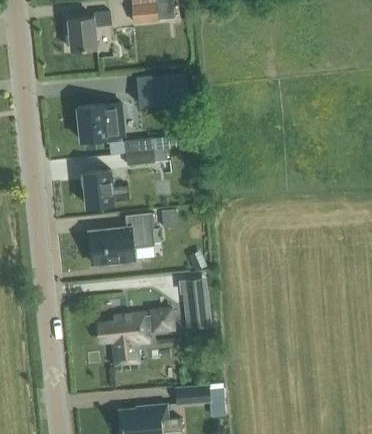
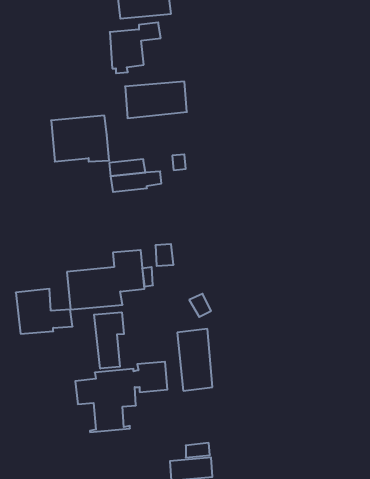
building: [69,12,111,54] -> [110,22,161,73]
building: [83,169,130,206] -> [16,289,73,334]
building: none -> [94,312,124,369]

